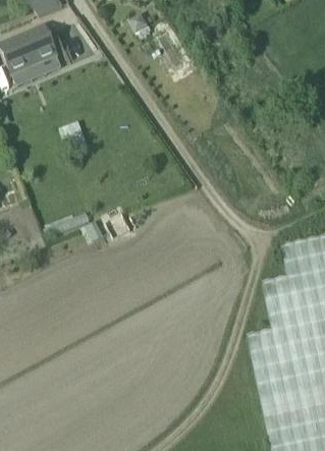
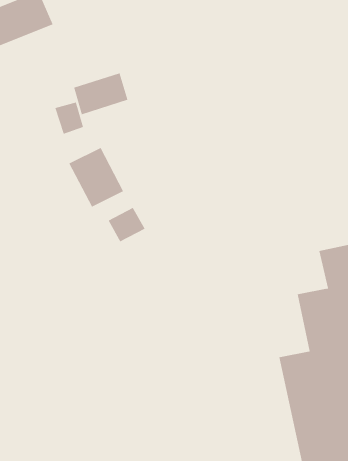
building: none -> [74,72,128,115]
building: none -> [68,147,124,208]

